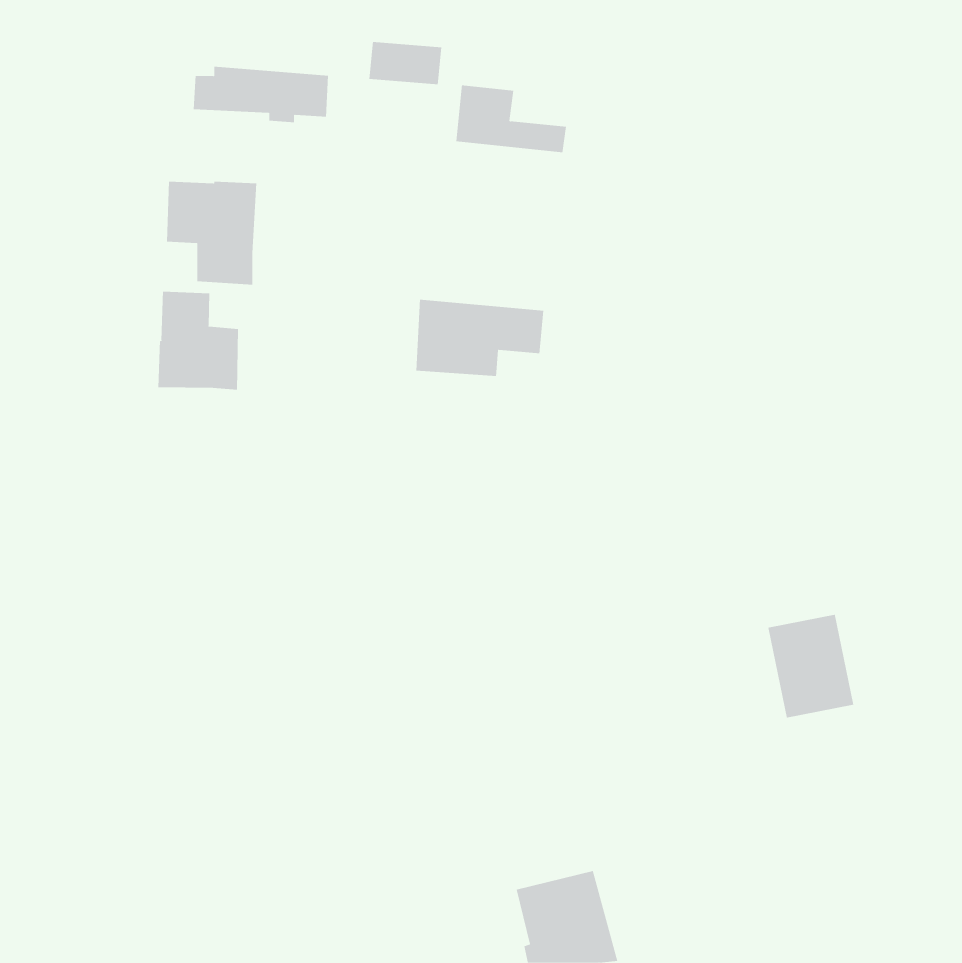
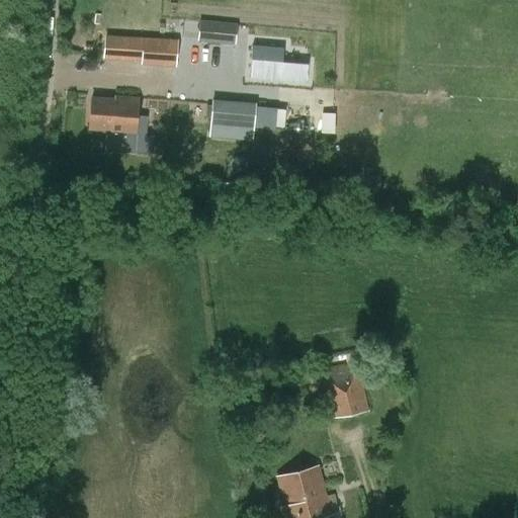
building: [158,291,239,391] -> none
building: [416,299,544,377] -> [211,98,280,140]
building: [767,614,854,718] -> [323,362,369,418]

